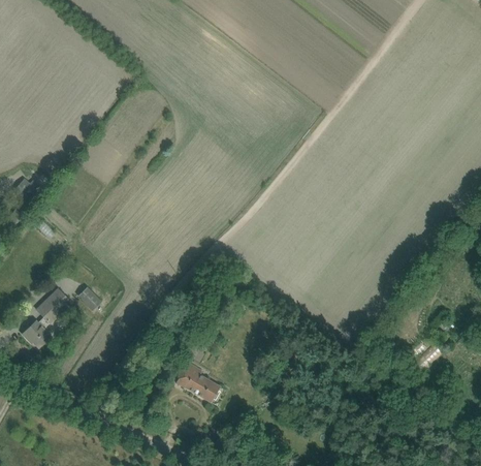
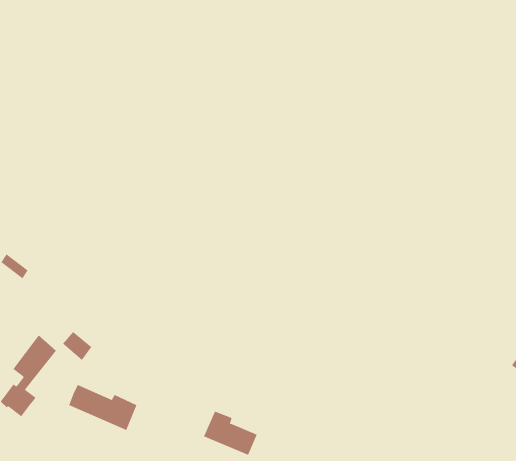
building: none -> [68,384,137,431]

